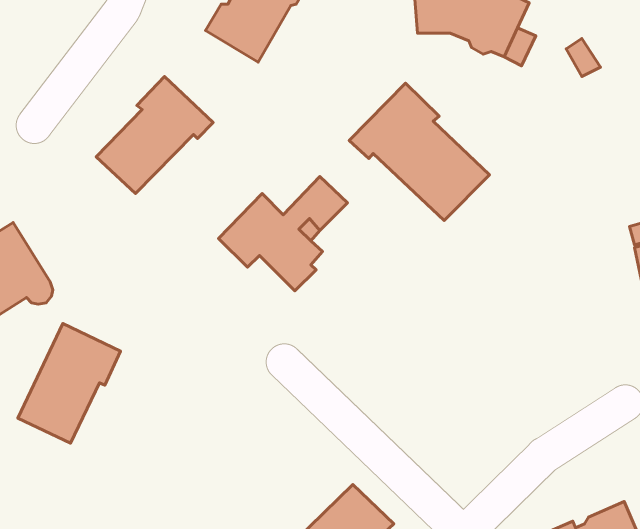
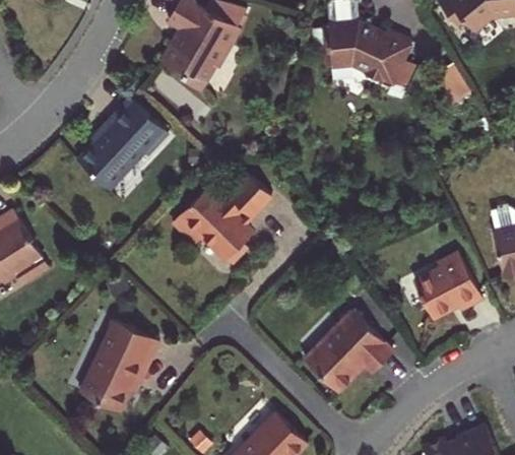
building: [349,83,490,221] -> none
building: none -> [414,251,485,317]
building: [18,323,121,443] -> [80,319,159,411]
building: none -> [306,311,395,393]

